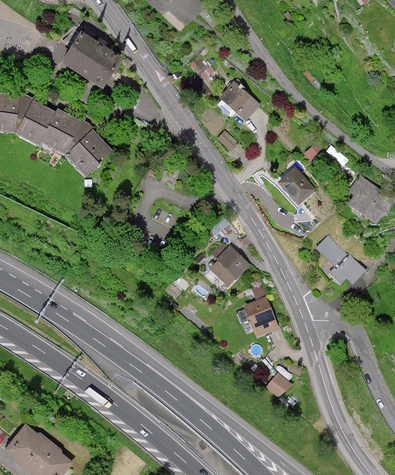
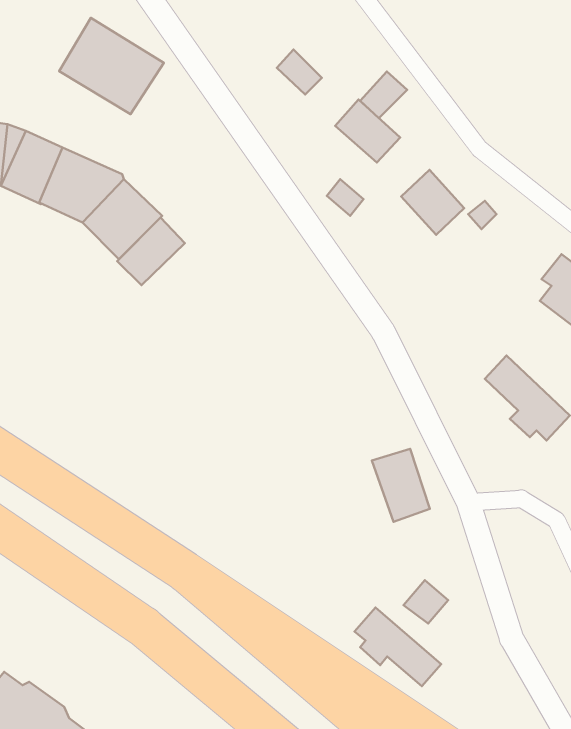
building: none -> [360,71,407,118]
building: none -> [117,217,185,285]
building: [275,166,313,205] -> [401,170,464,235]
building: [209,247,252,288] -> none
building: none -> [355,608,441,686]

